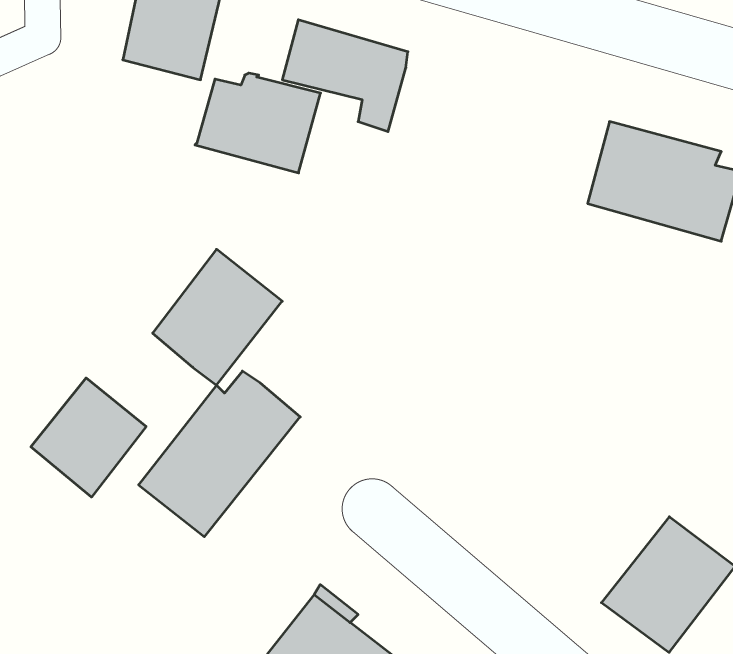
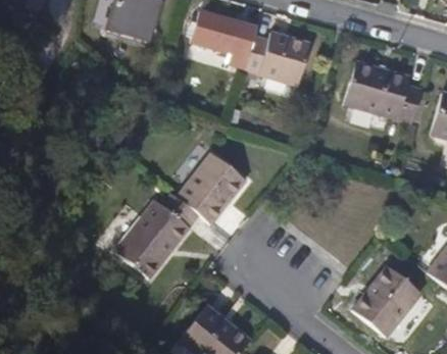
building: [195,73,321,173] -> [243,33,307,84]
building: [153,249,282,385] -> [179,154,245,223]
building: [31,378,146,497] -> none

